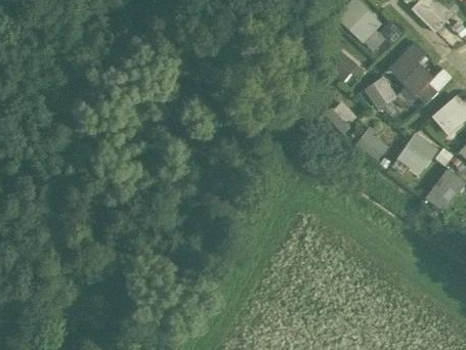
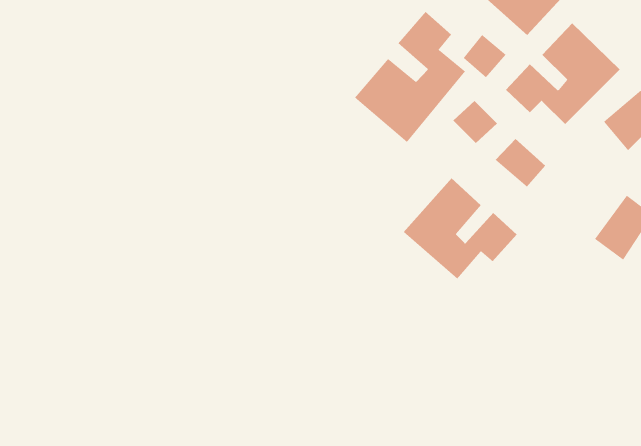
building: none -> [354,11,466,143]
building: [395,132,438,176] -> none
building: none -> [403,178,517,279]

